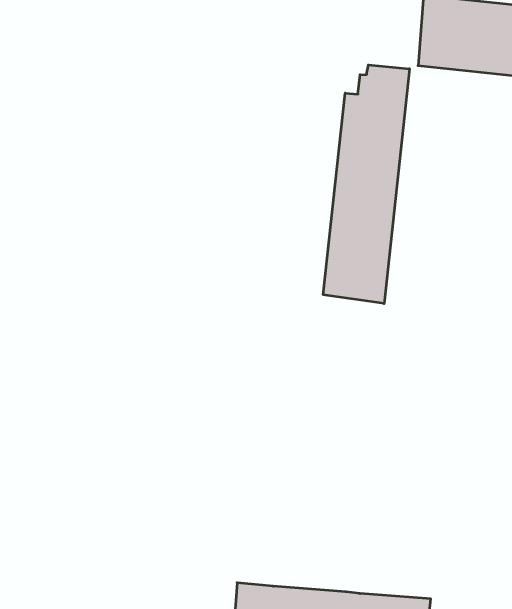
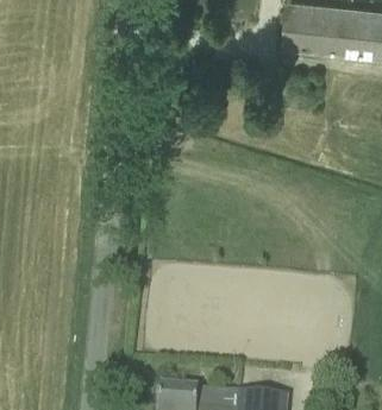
building: [323,65,409,304] -> none

